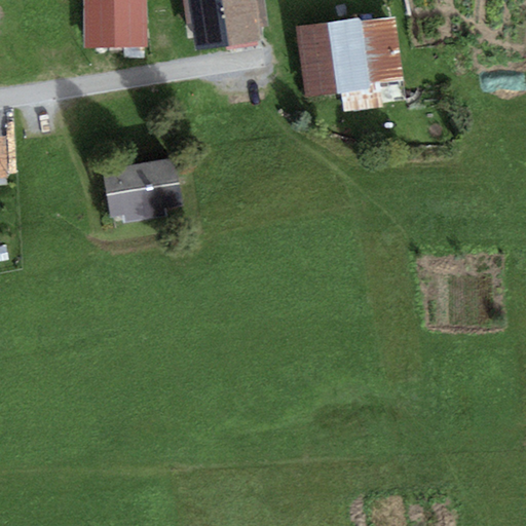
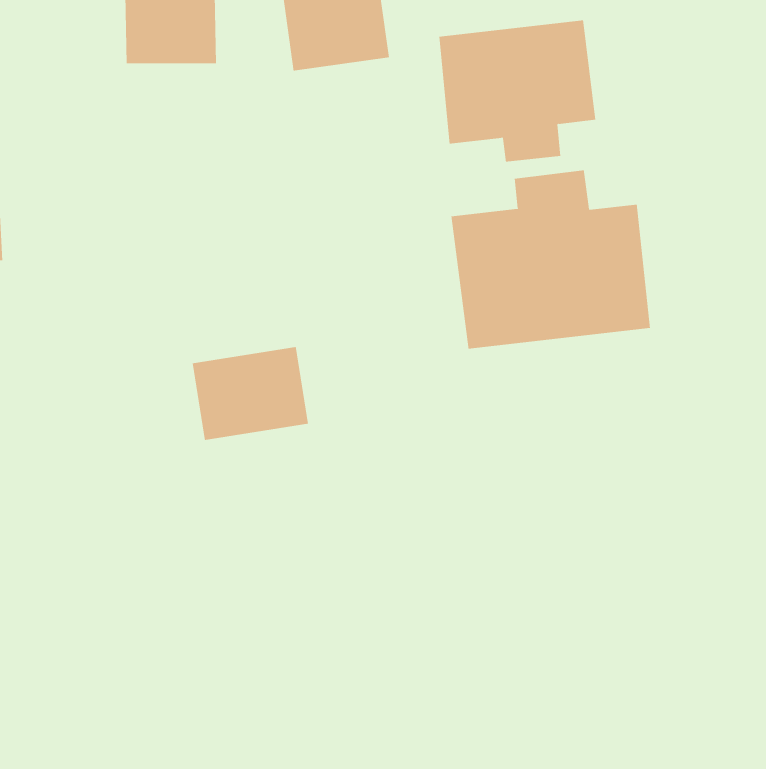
building: none -> [451,170,651,349]
building: [103,158,182,222] -> [192,347,309,441]

